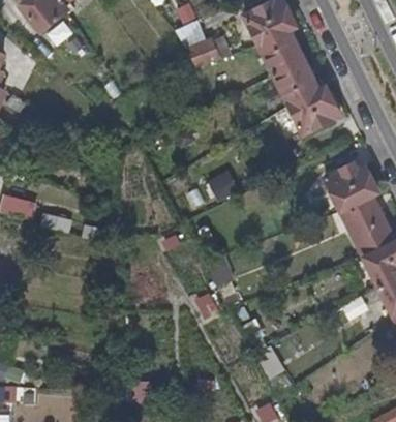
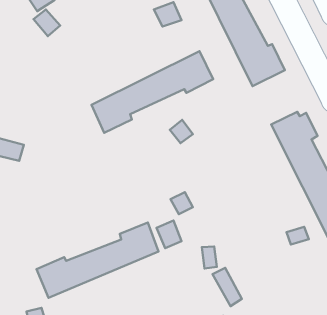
building: none -> [92,51,213,133]
building: none -> [37,223,159,298]

